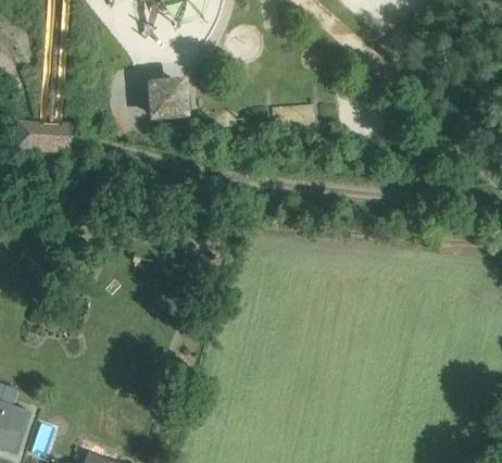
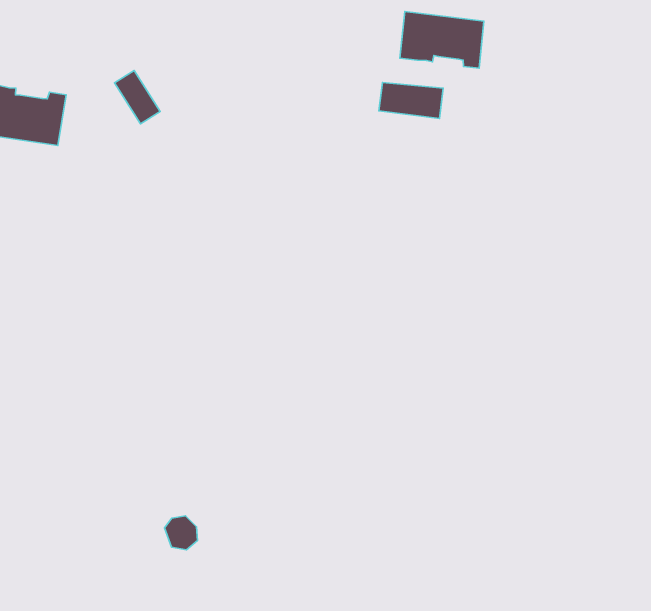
building: none -> [400,11,484,68]
building: [152,79,185,118] -> none

